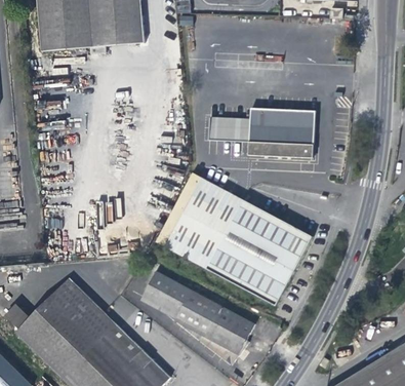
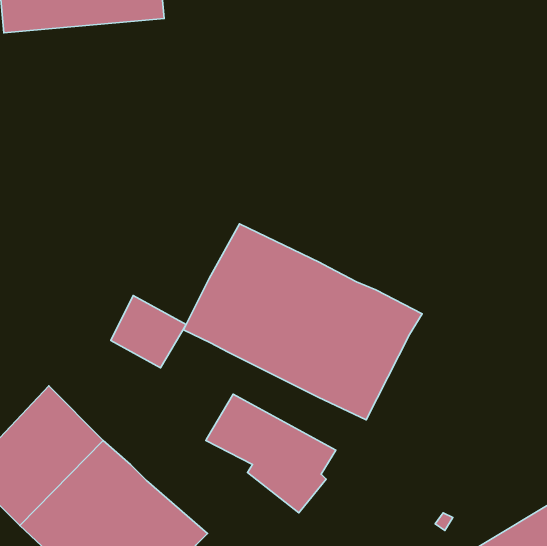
building: [209,109,313,158] -> none
building: [139,264,188,310] -> [111,296,186,368]

